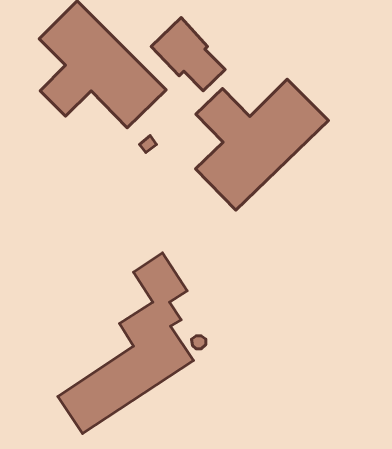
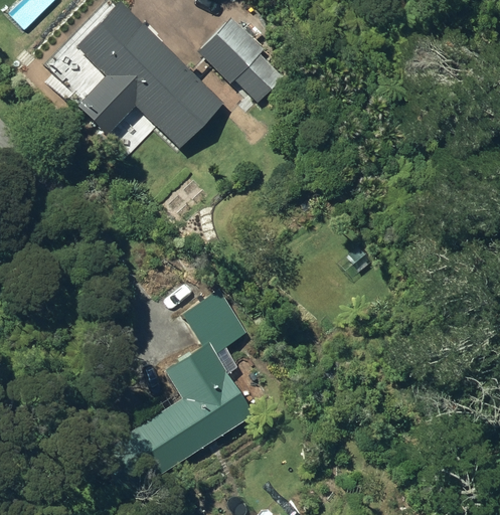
building: [196,79,328,210] -> none

